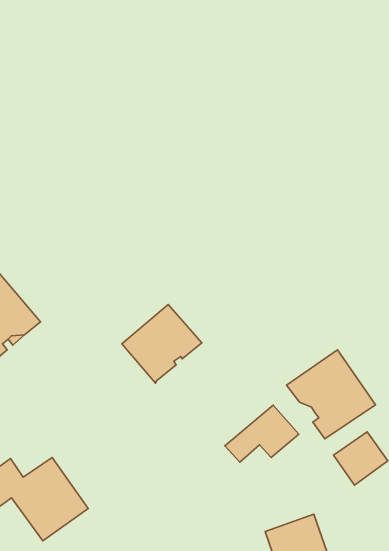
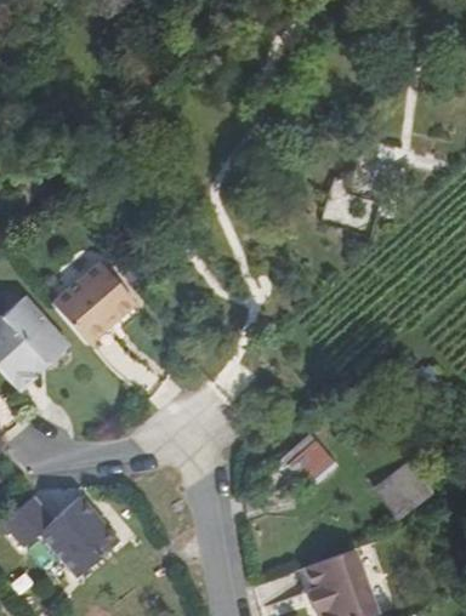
building: [122,304,202,383] -> [53,261,137,343]
building: [286,350,376,439] -> none

